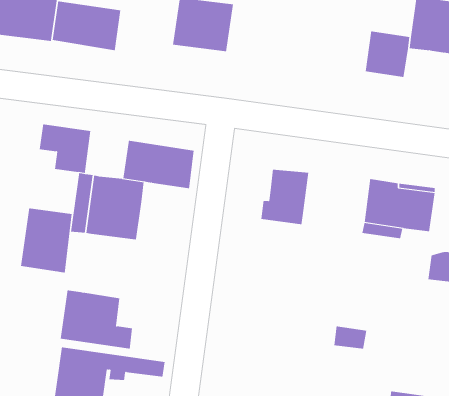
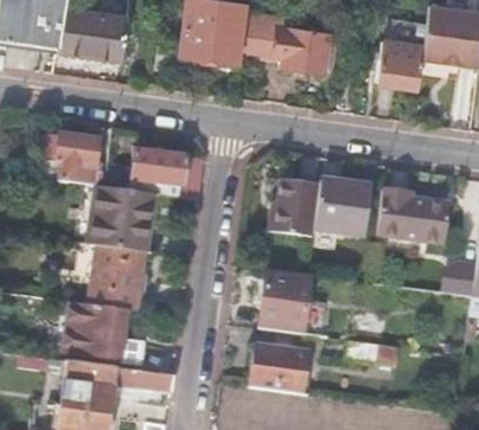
building: none -> [248,17,332,72]
building: none -> [315,180,369,233]
building: [20,208,72,273] -> [90,246,143,313]
building: none -> [258,268,312,334]
building: none -> [251,345,308,392]

